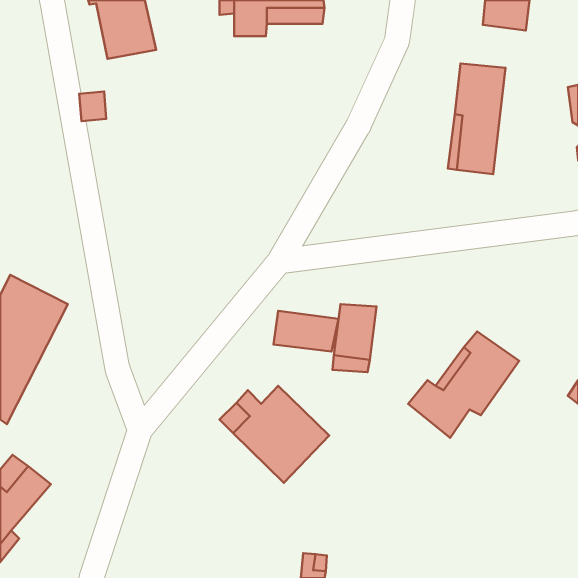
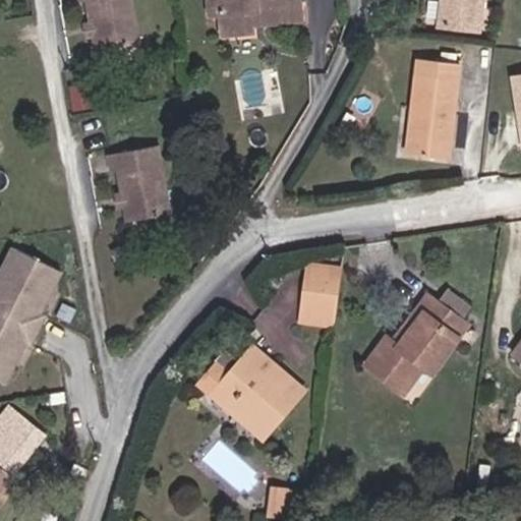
building: none -> [111,147,174,223]
building: [274,311,339,352] -> none

